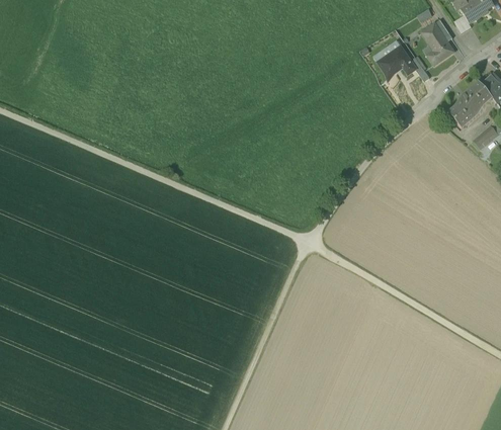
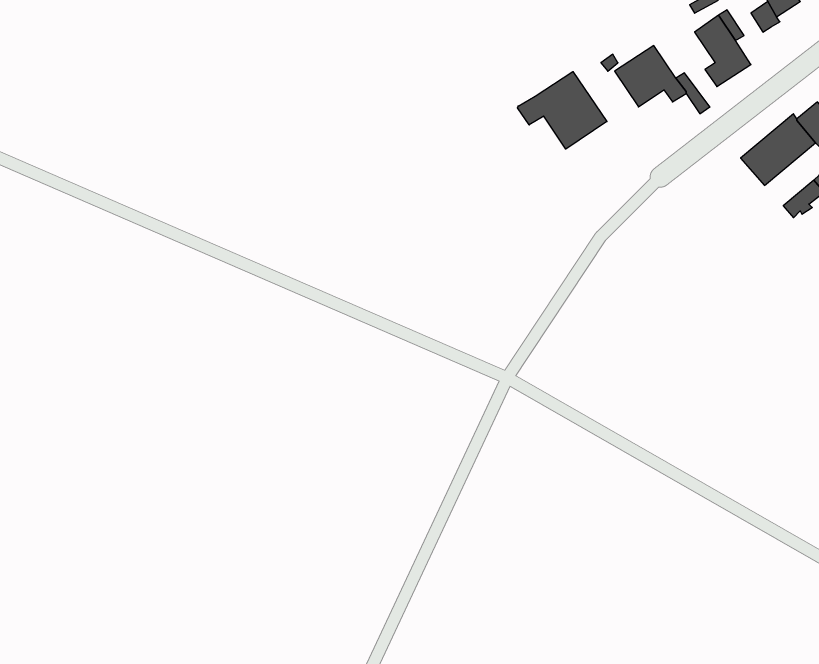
building: none -> [517,72,607,149]

